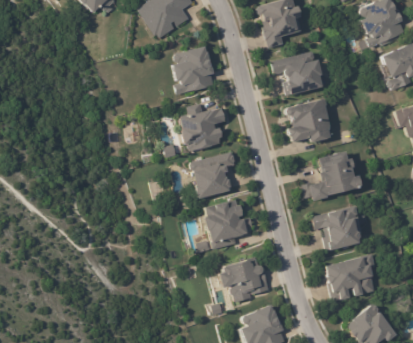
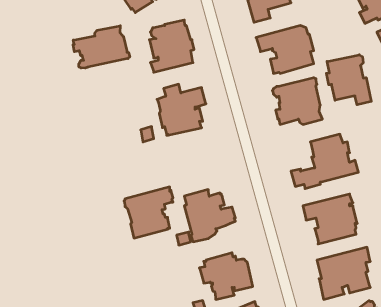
building: none -> [73,26,130,68]
building: none -> [326,55,371,105]
building: [190,151,235,198] -> [124,187,173,238]

